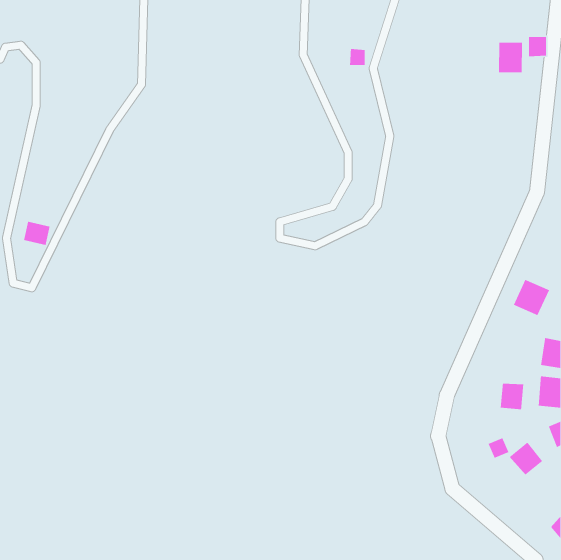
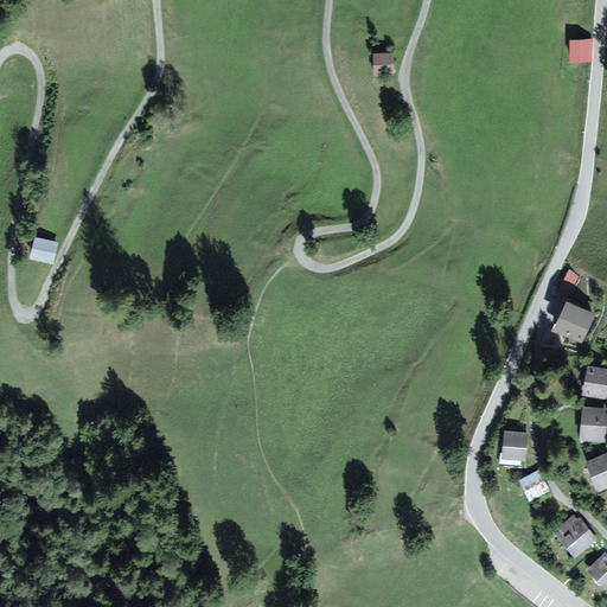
building: [498,42,523,73] -> none
building: [500,383,524,410] -> [501,430,528,460]
building: [509,441,543,475] -> [558,517,595,554]

